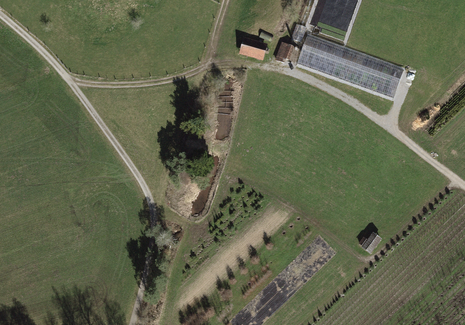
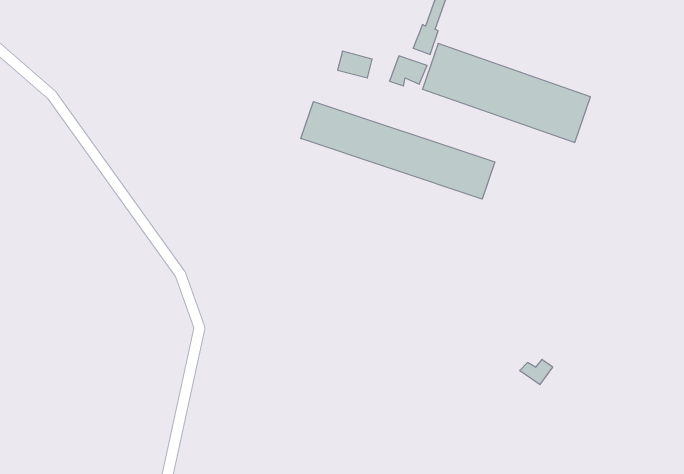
building: none -> [301,102,495,199]

